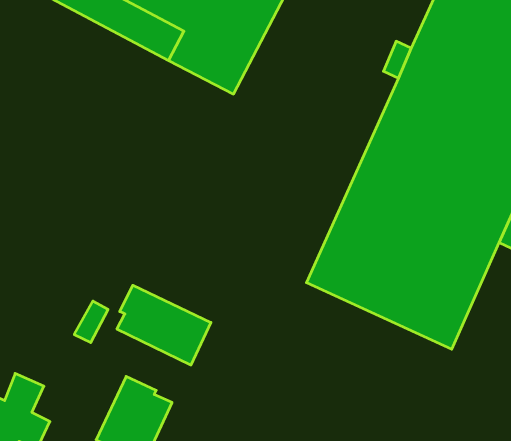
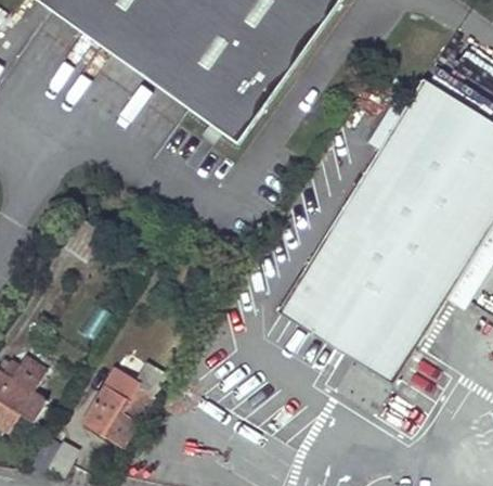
building: [117,285,211,365] -> none

